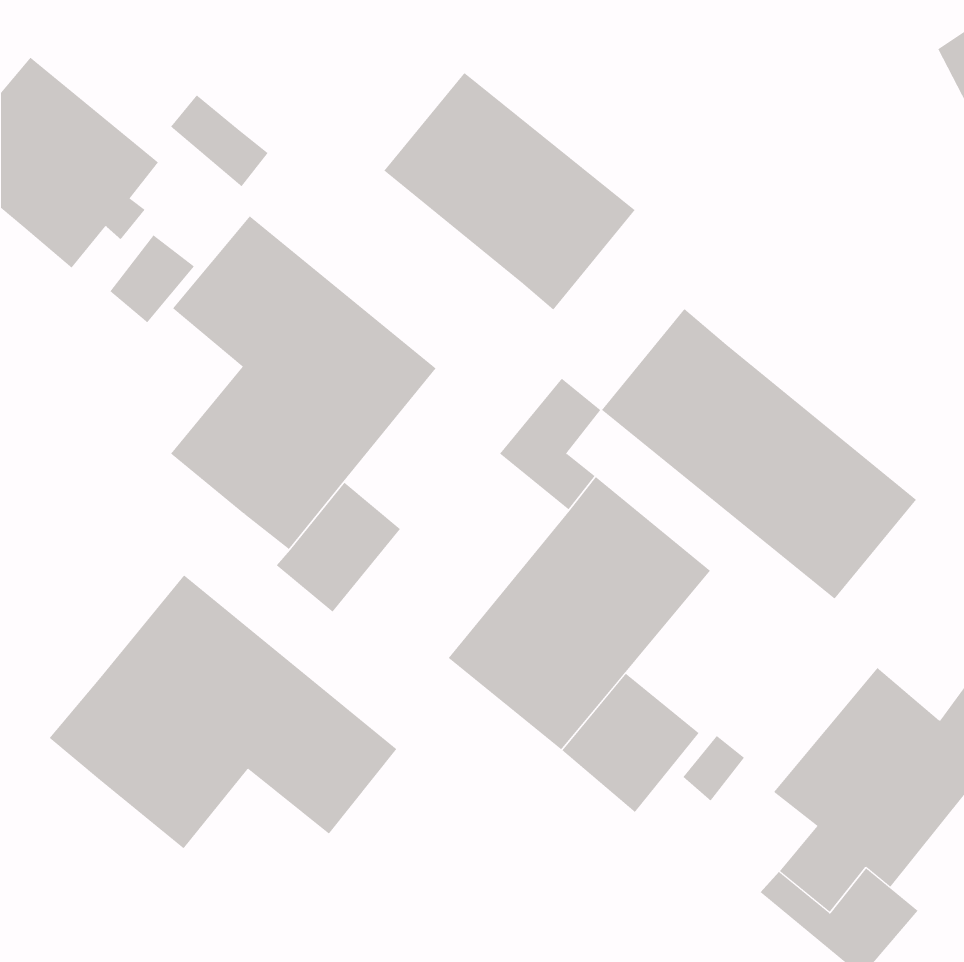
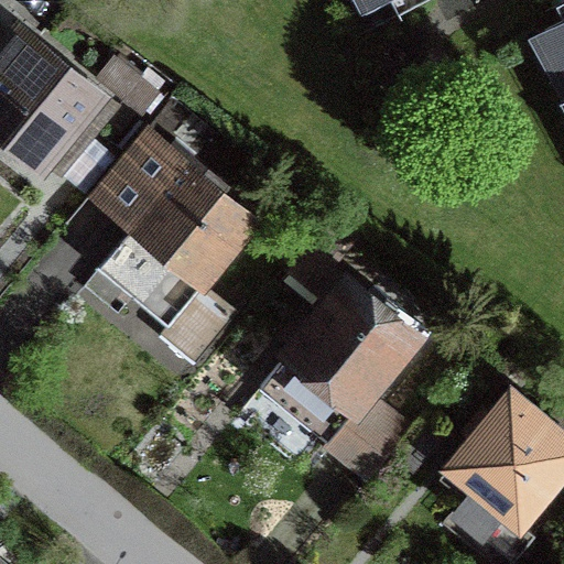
building: [384,72,635,311] -> none
building: [601,308,917,599] -> none
building: [49,575,397,849] -> none

